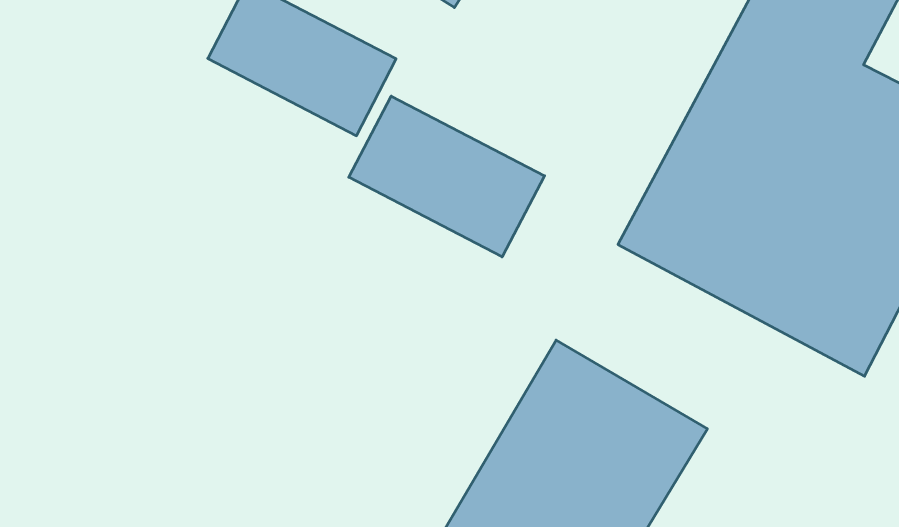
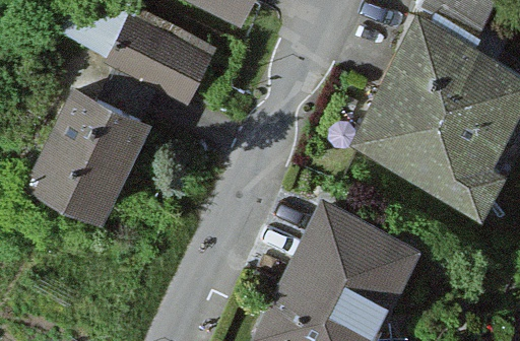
building: [349,96,545,257] -> none
building: none -> [32,92,160,228]

